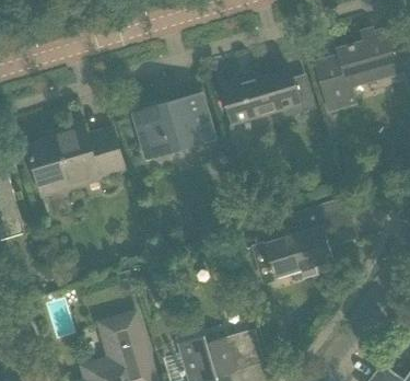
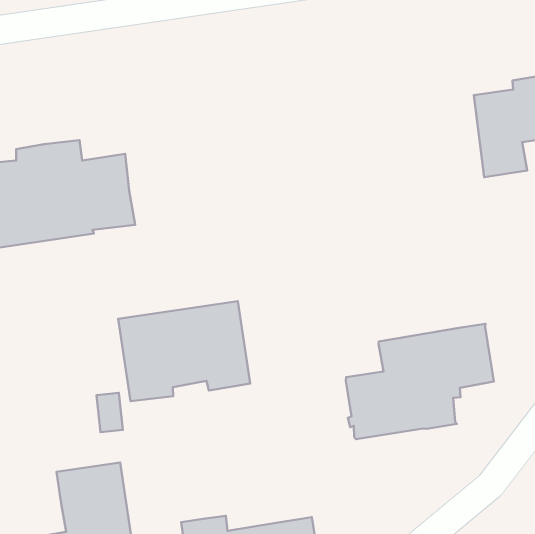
building: [219,70,312,125] -> none
building: [130,92,214,161] -> [118,301,250,401]

